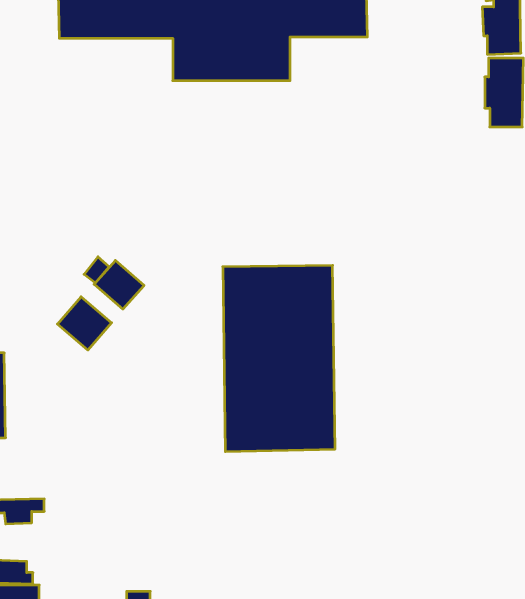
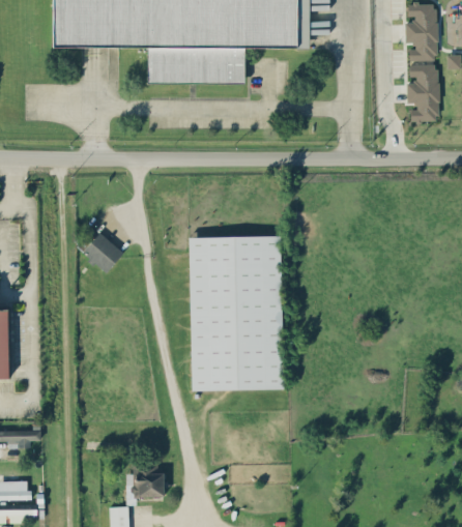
building: [57,297,112,350] -> none
building: none -> [133,465,164,496]

